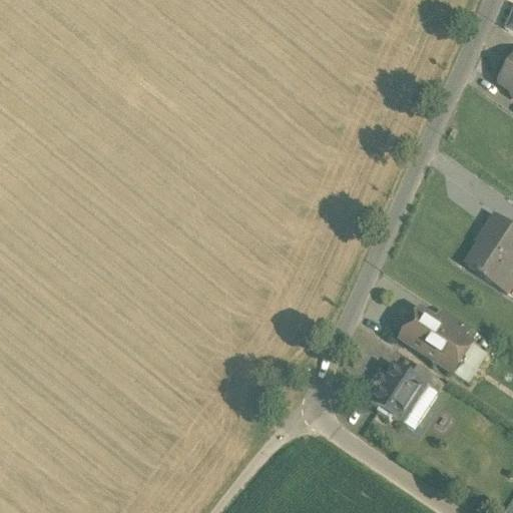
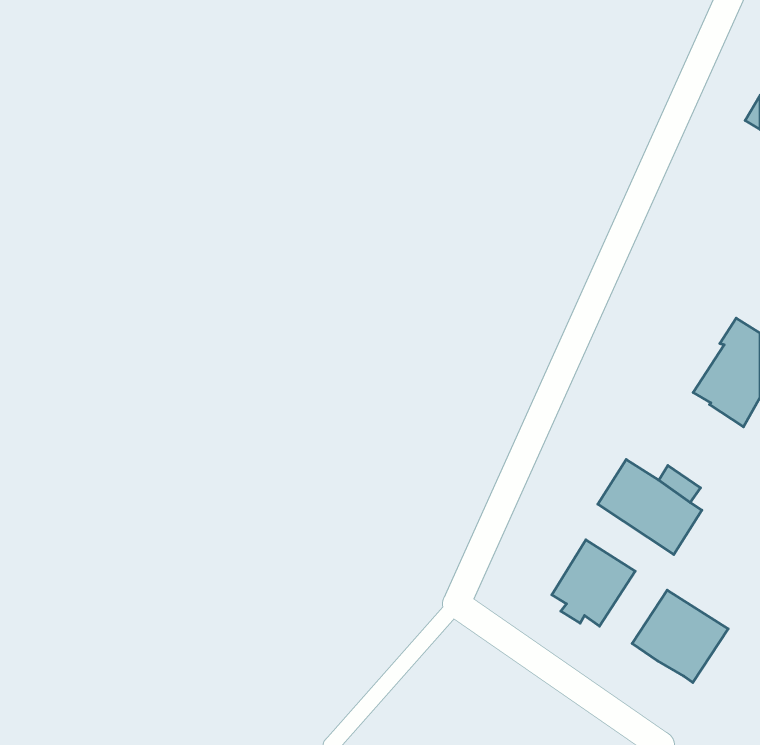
building: none -> [632,590,728,682]

